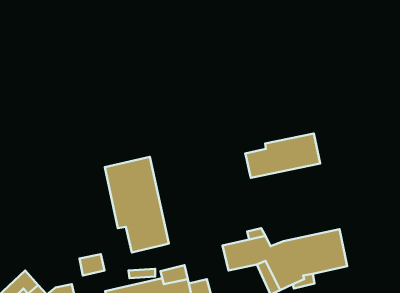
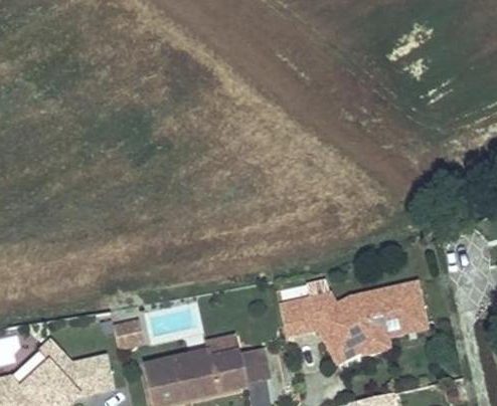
building: [245,133,320,178] -> none
building: [105,157,169,252] -> none

